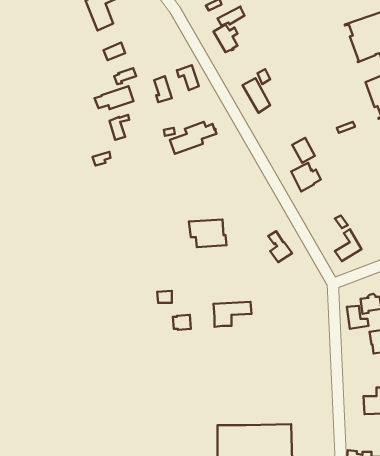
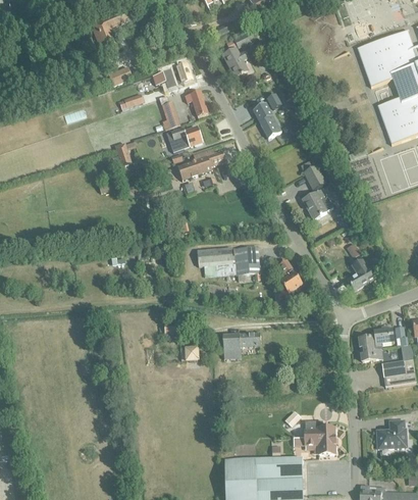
building: [95,86,133,109] -> [151,62,191,86]
building: none -> [165,124,201,151]
building: none -> [232,246,259,273]
building: none -> [303,419,335,454]

